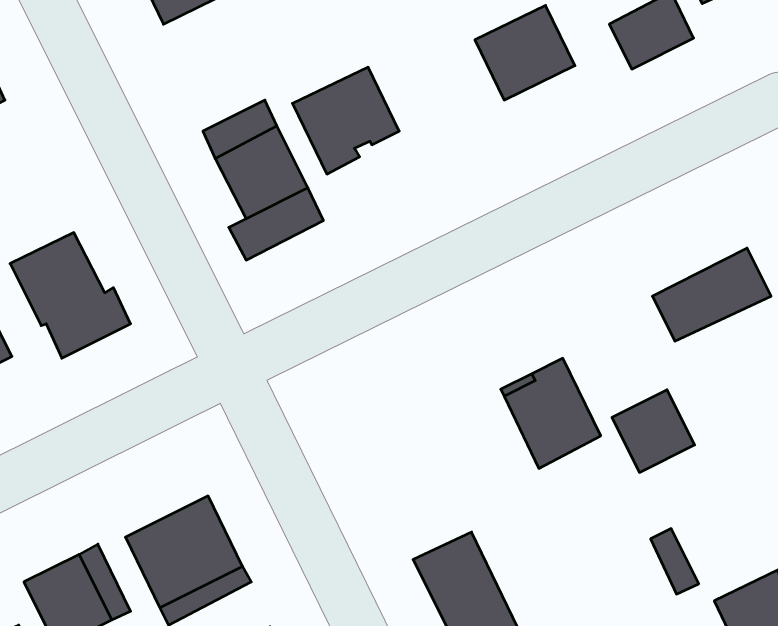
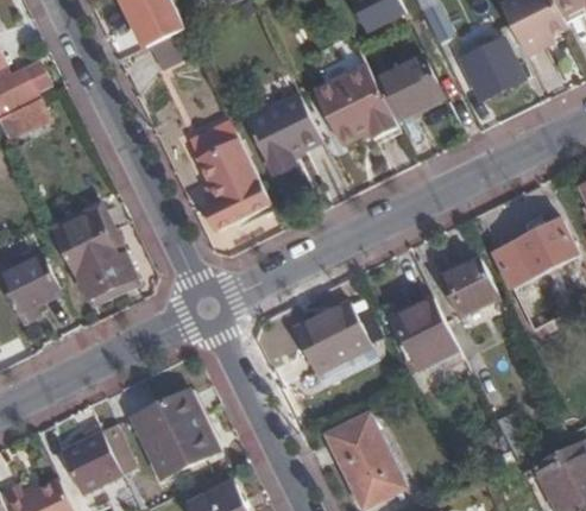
building: none -> [315,62,397,144]
building: none -> [290,303,368,376]
building: [612,390,695,472] -> [441,258,498,315]

